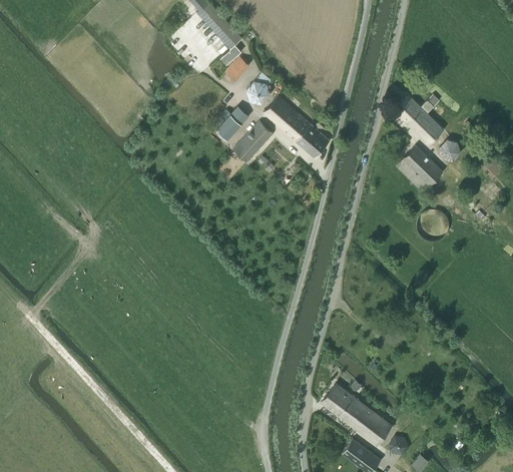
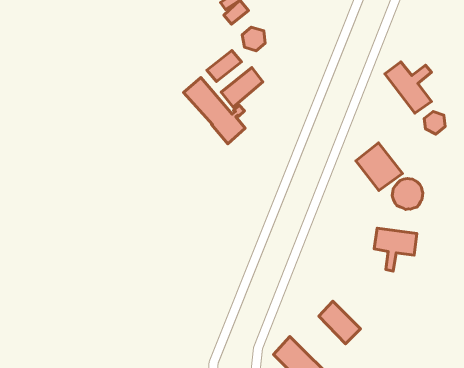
building: [263,96,329,158] -> [184,78,245,144]
building: [395,145,443,192] -> [356,143,402,190]
building: none -> [374,228,417,271]
building: none -> [319,301,361,344]

